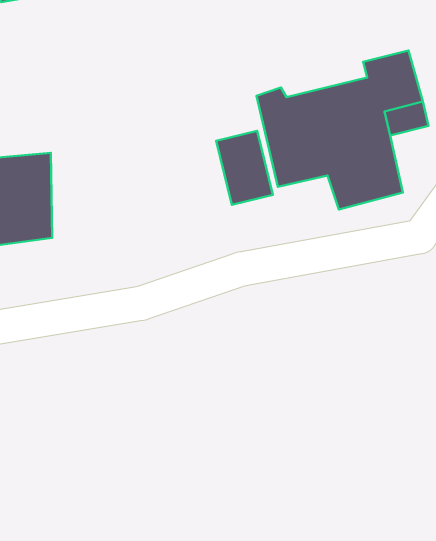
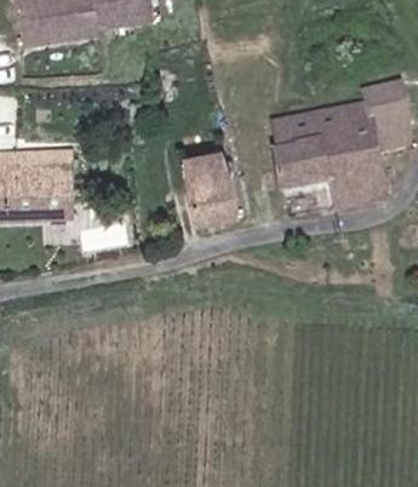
building: [216,131,273,205] -> [185,150,234,213]

